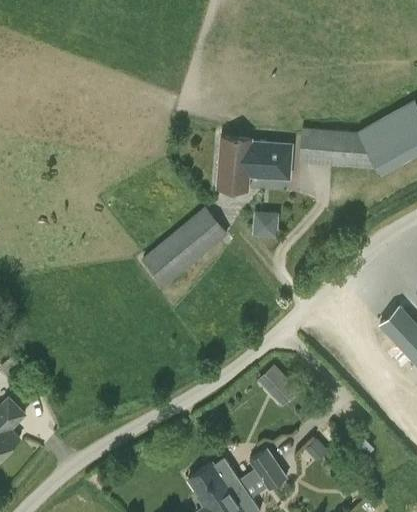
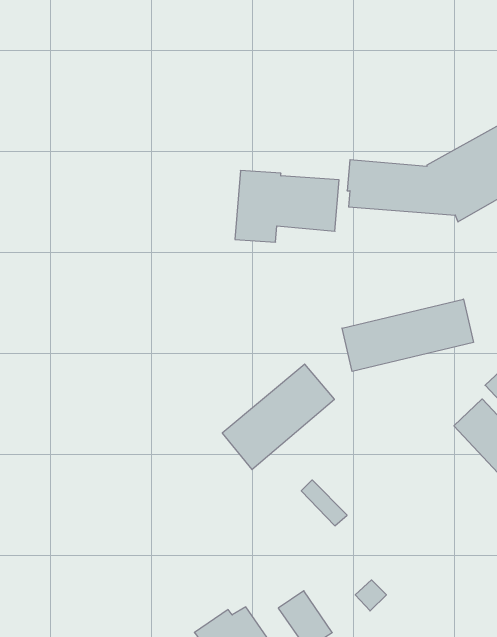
building: [143,207,226,285] -> [222,364,334,470]
building: [255,210,281,236] -> none
building: none -> [342,299,473,371]

